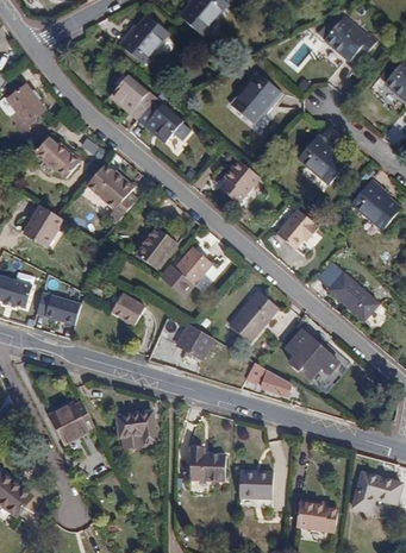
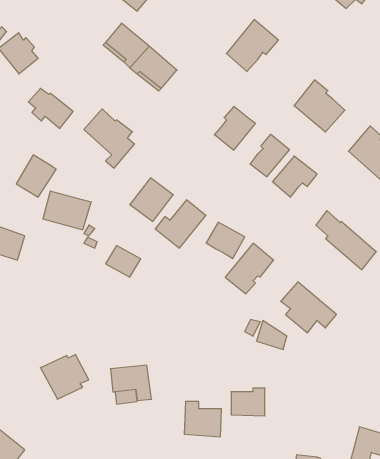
building: none -> [250,134,289,177]
building: [37,288,85,326] -> [43,191,91,230]
building: [176,326,214,362] -> [206,222,245,259]
building: [239,472,273,499] -> [231,388,265,416]

